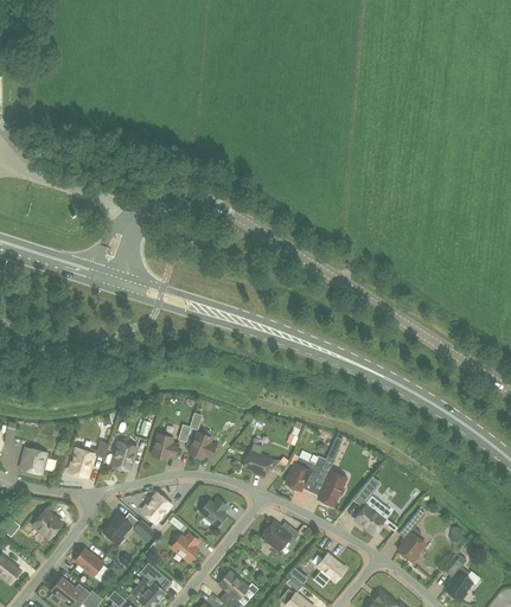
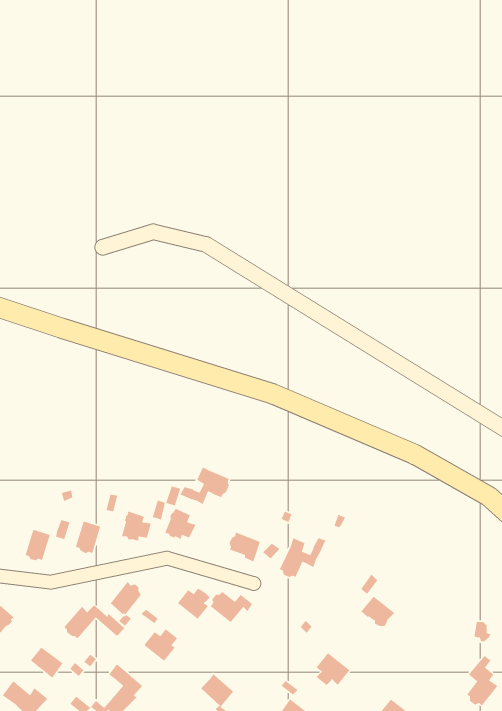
building: none -> [179,466,230,505]
building: [315,460,346,505] -> none
building: [397,520,424,560] -> none
building: [262,522,299,549] -> [210,591,253,623]

